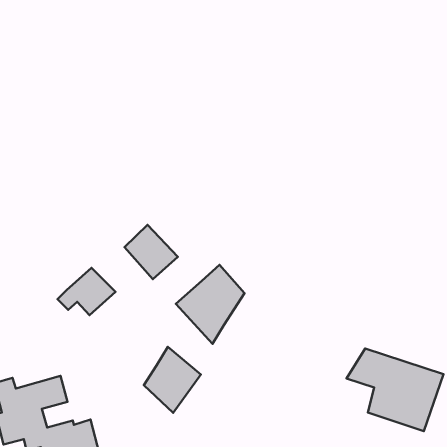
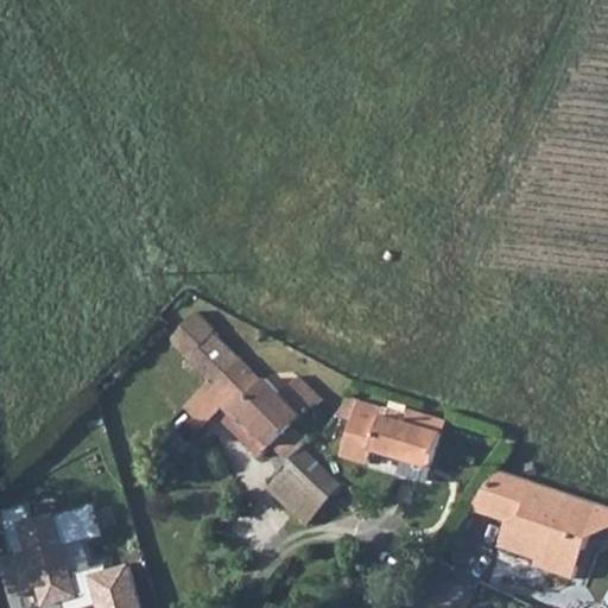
building: [58,268,115,315] -> [192,353,270,416]
building: none -> [344,395,445,464]
building: [144,347,201,413] -> [267,444,343,532]

